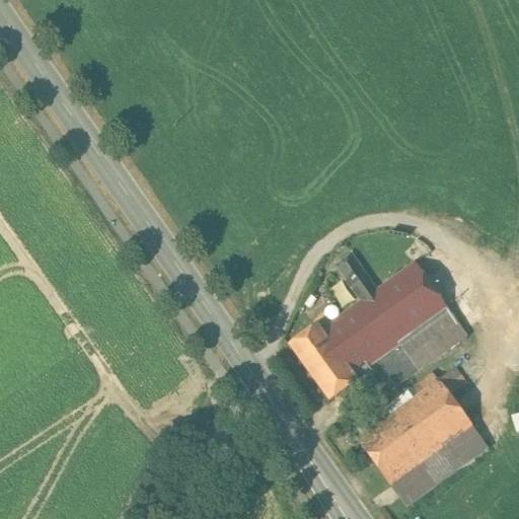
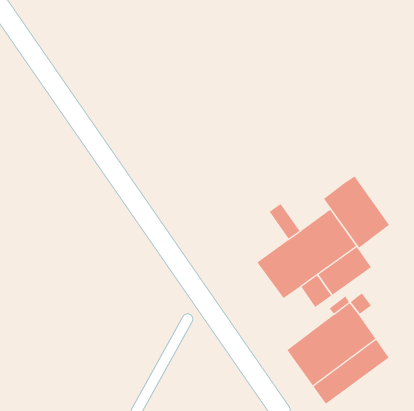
building: none -> [323,176,390,248]
building: [289,322,371,398] -> none

